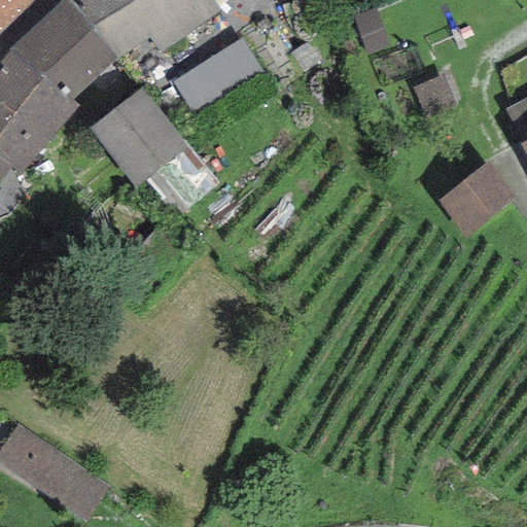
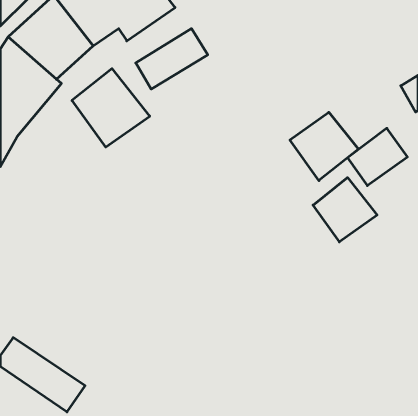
building: none -> [290,112,358,181]
building: none -> [313,178,377,242]

